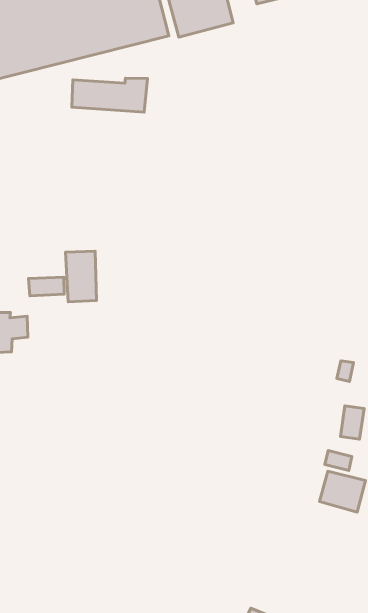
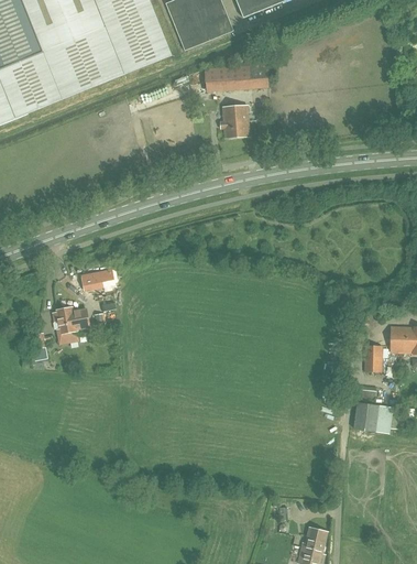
building: [72,78,148,112] -> [204,56,267,89]
building: none -> [222,105,249,137]
building: [66,251,97,302] -> none

